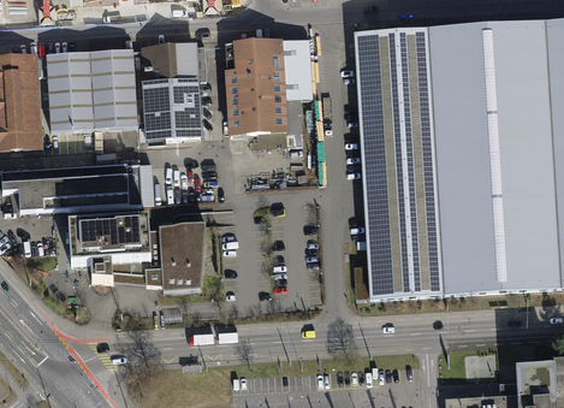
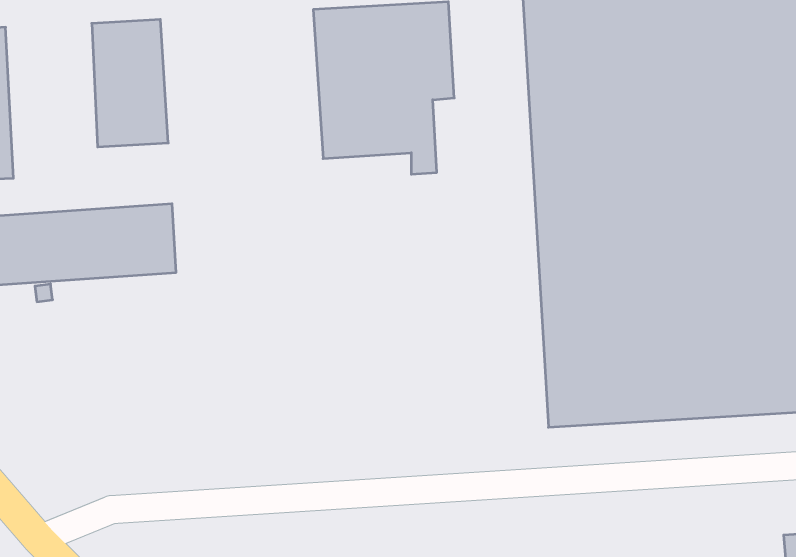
building: [143,45,207,140] -> none
building: [48,52,95,130] -> none
building: [69,218,206,290] -> none

